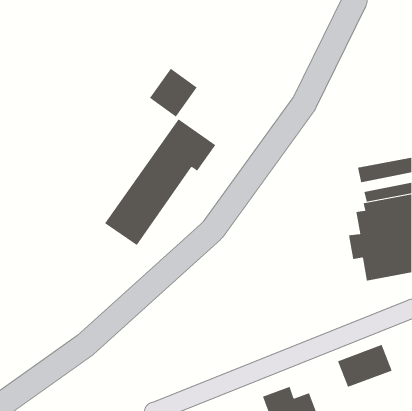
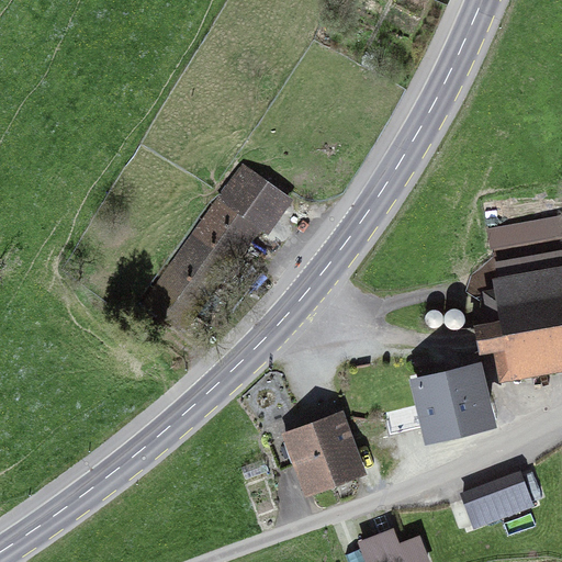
building: [149,68,197,118] -> none
building: none -> [409,359,497,441]
building: none -> [280,409,369,496]

